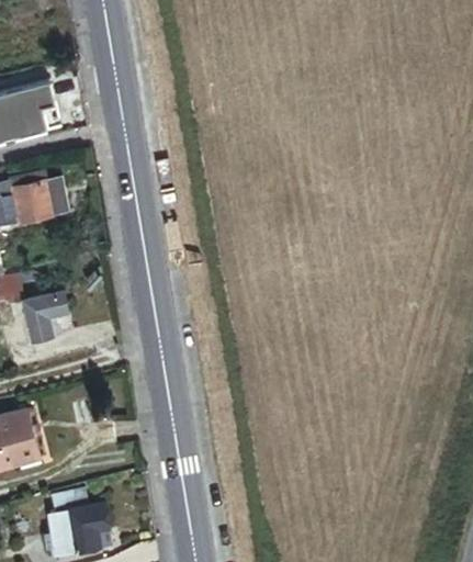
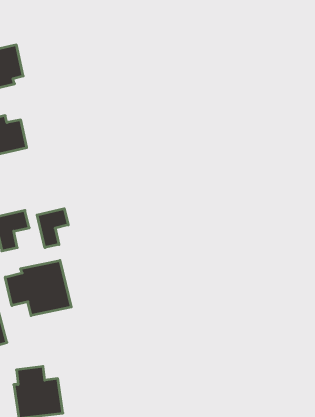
building: none -> [37,209,68,248]
building: none -> [5,260,71,316]

